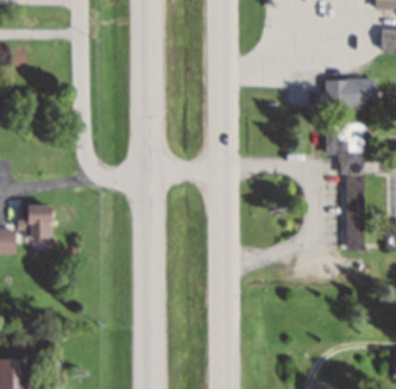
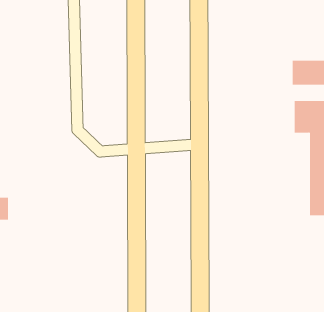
building: [23,205,52,239] -> none

